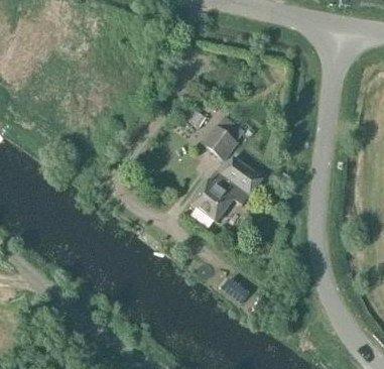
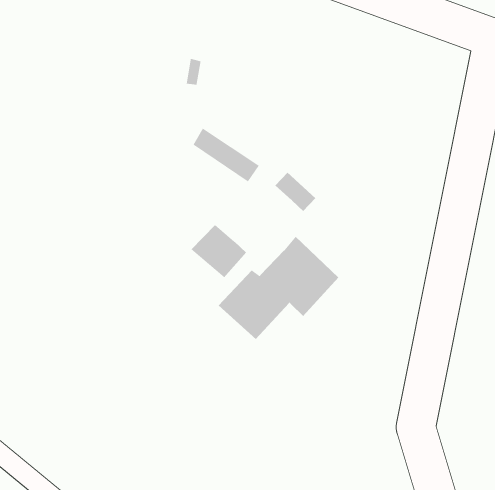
building: [203,127,237,159] -> [191,224,247,278]

